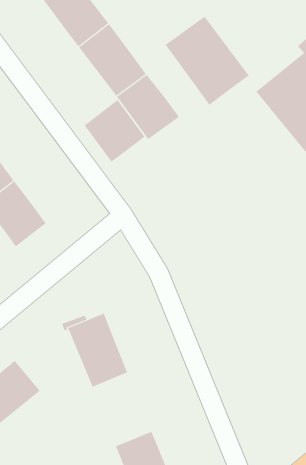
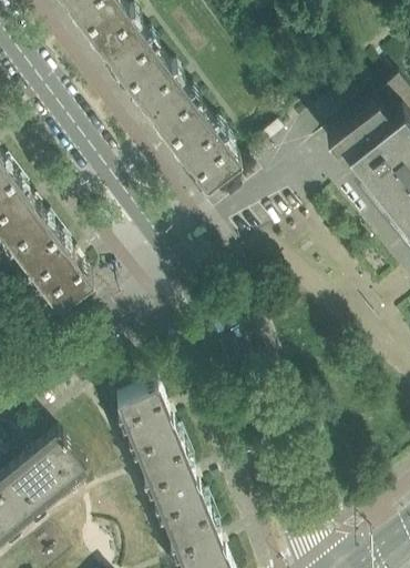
building: [165,16,249,106] -> none
building: [84,99,145,163] -> none
building: none -> [143,452,209,534]

